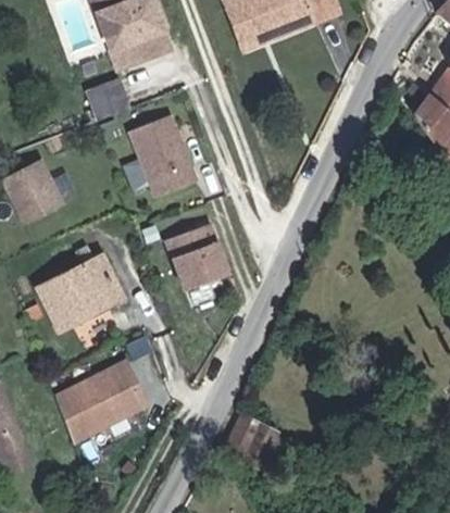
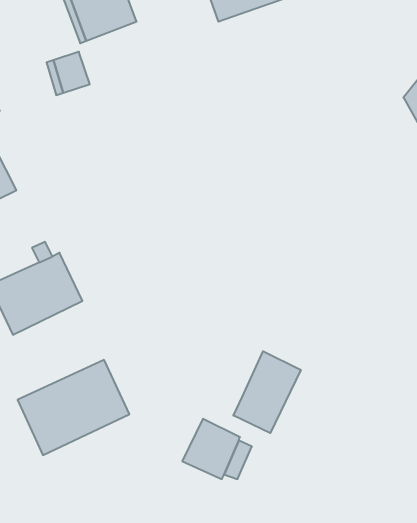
building: [133,113,204,198] -> none
building: [170,222,236,292] -> none
building: none -> [233,351,301,433]

